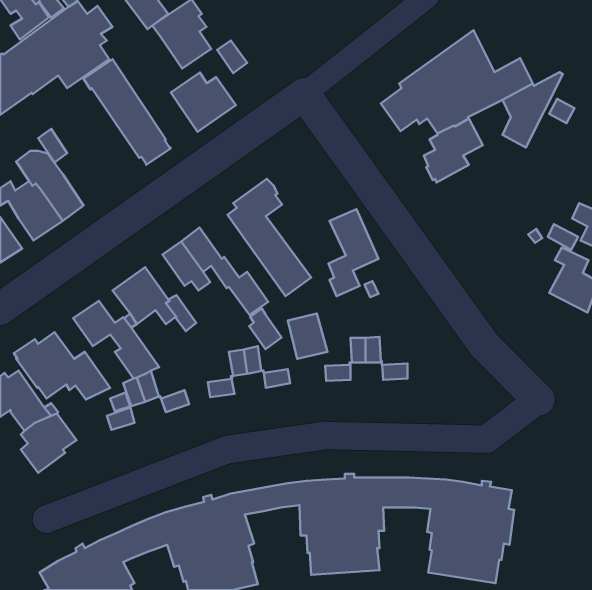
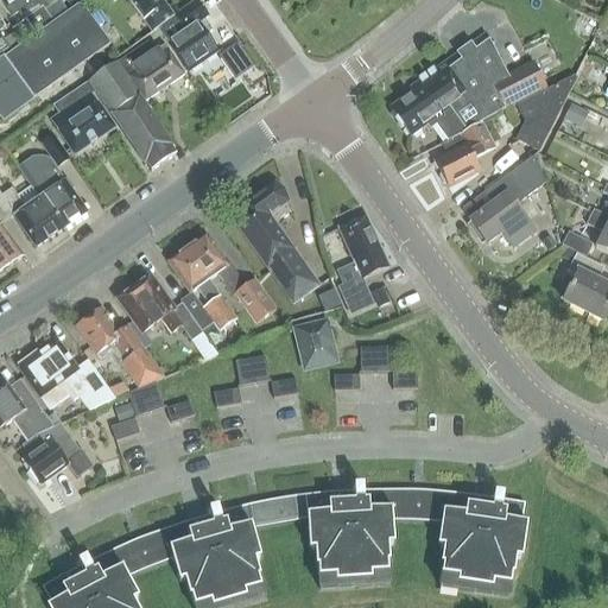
building: [171,73,236,132] -> [118,39,184,100]
building: none -> [51,81,115,154]
building: none -> [467,154,546,247]
building: [249,309,282,349] -> [203,289,236,330]

